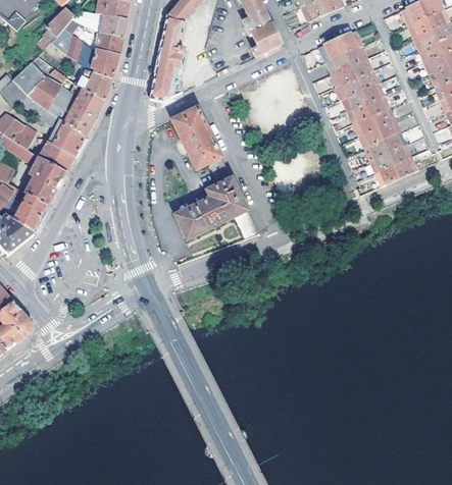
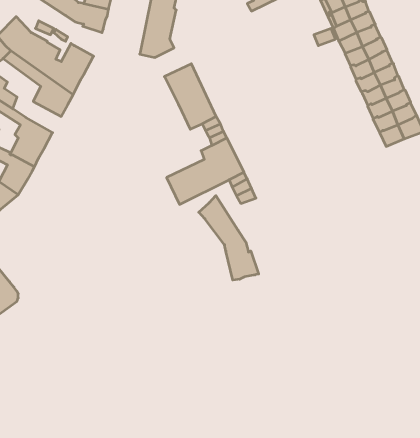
building: [86,70,112,99] -> none
building: [40,142,73,171] -> none
building: none -> [199,196,259,280]

